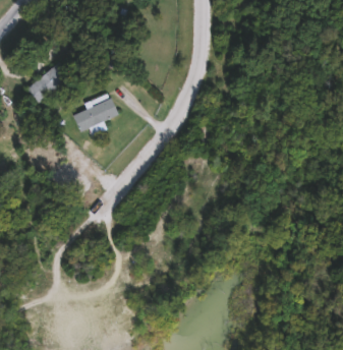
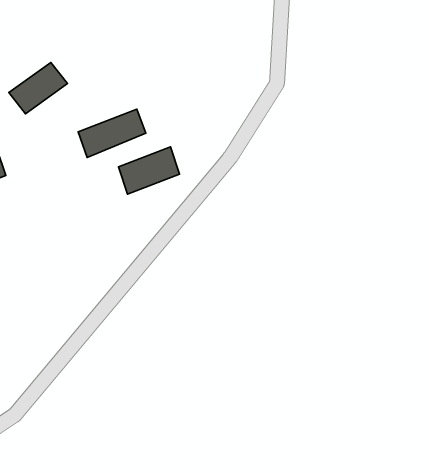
building: none -> [119,147,180,194]

